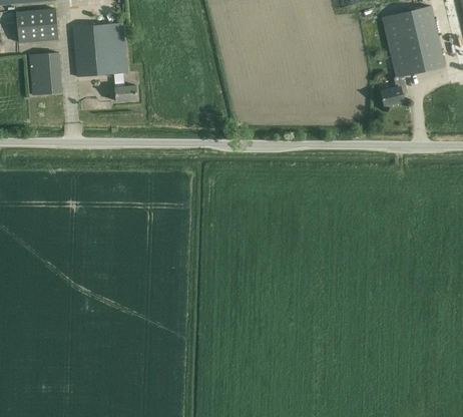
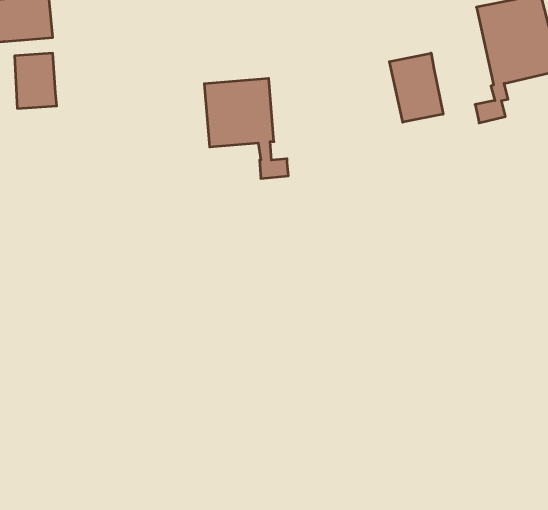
building: [74,24,138,100] -> [204,78,288,178]
building: none -> [389,53,443,122]

